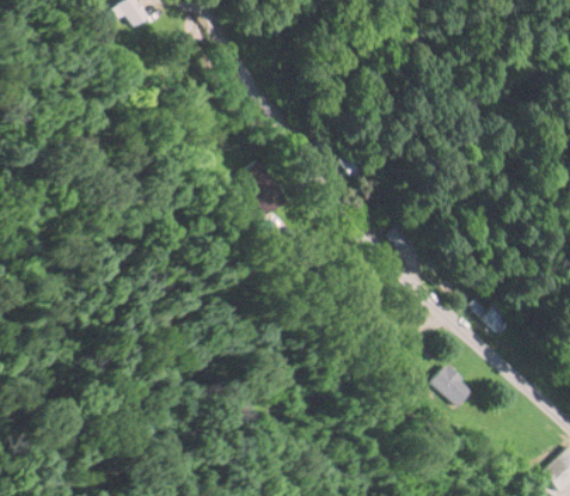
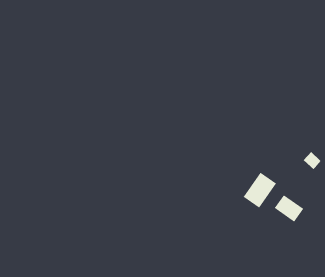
building: none -> [243,172,277,209]

